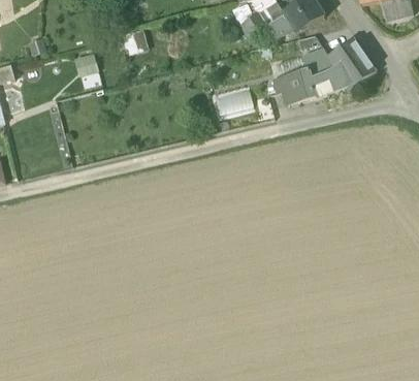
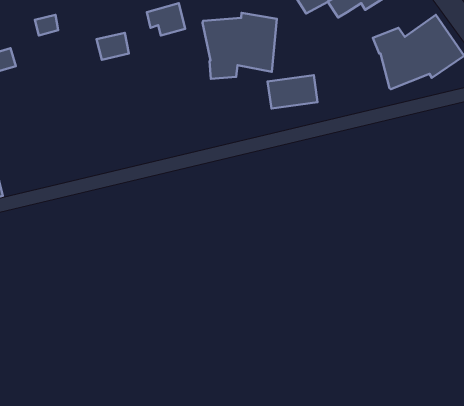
building: none -> [203,13,277,79]
building: [275,68,316,103] -> none

